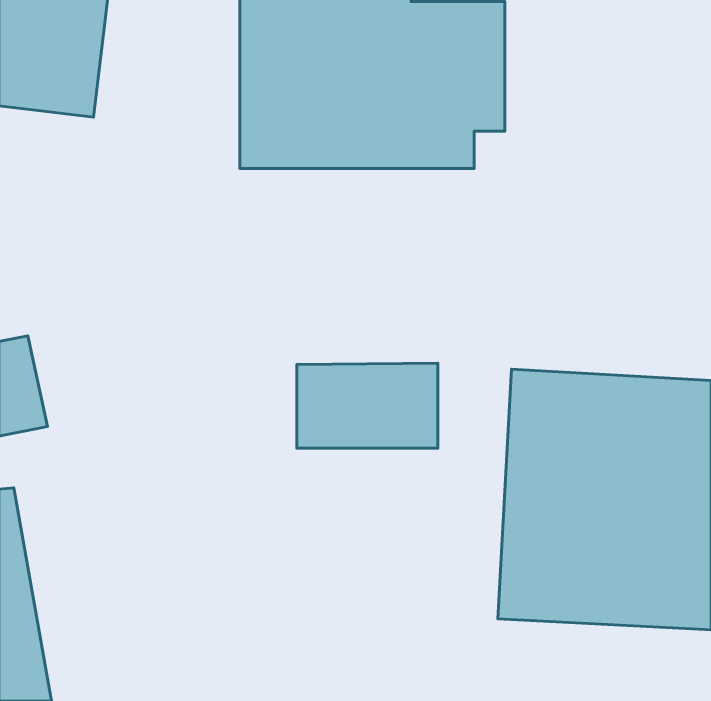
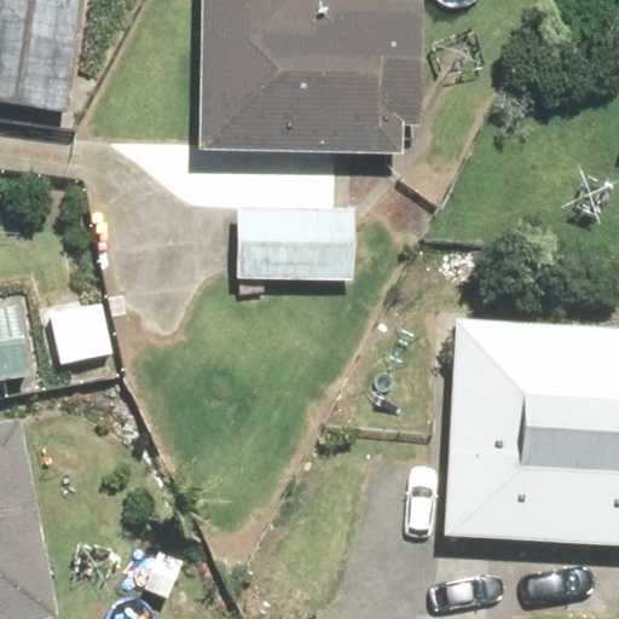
building: [297,363,438,448] -> [242,202,364,276]

